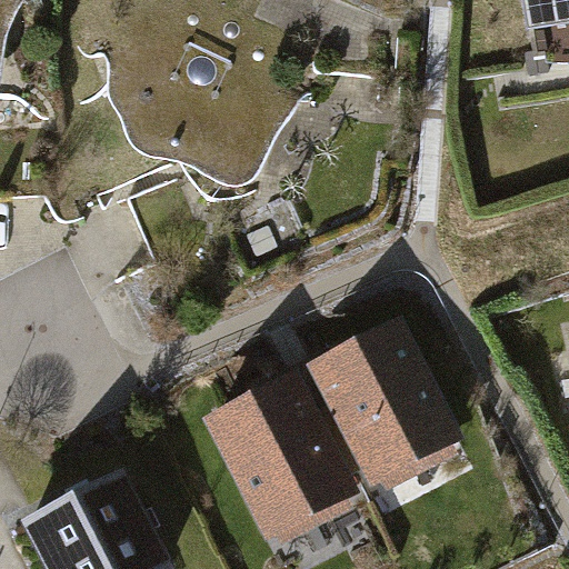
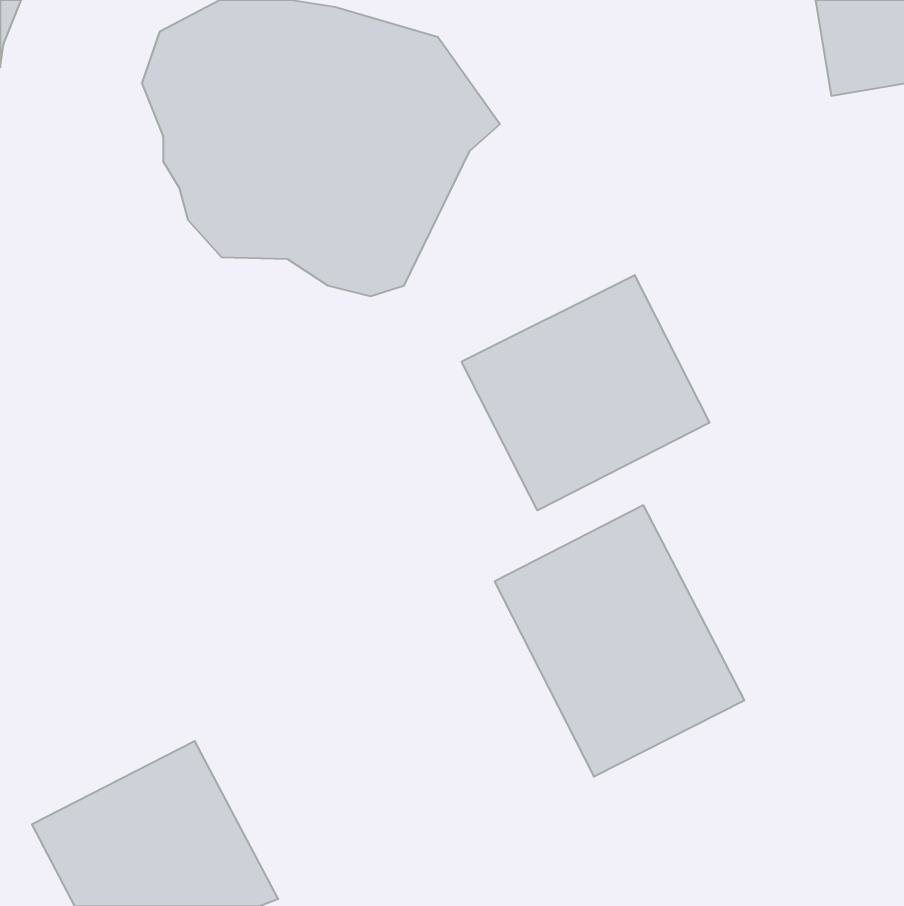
building: none -> [462,275,709,510]
building: [206,371,361,542] -> none

